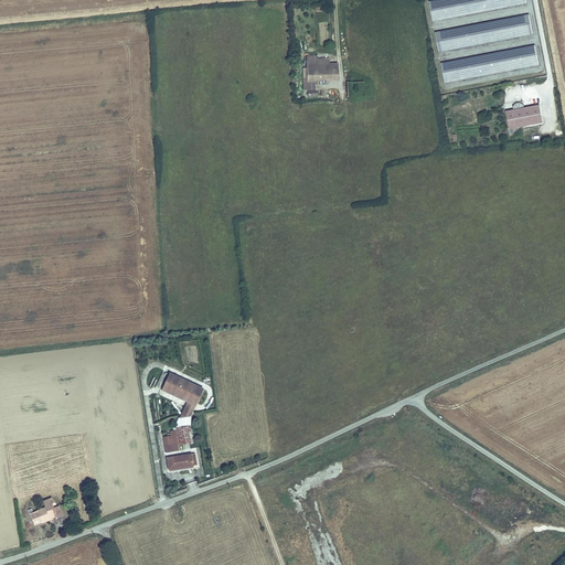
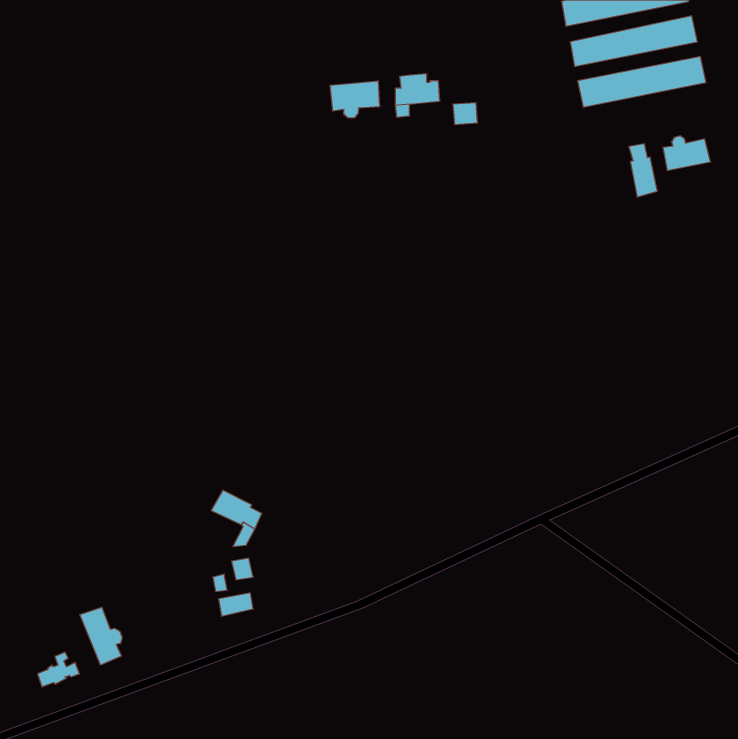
building: none -> [330,81,379,118]
building: none -> [629,144,657,197]
building: none -> [80,607,122,665]

